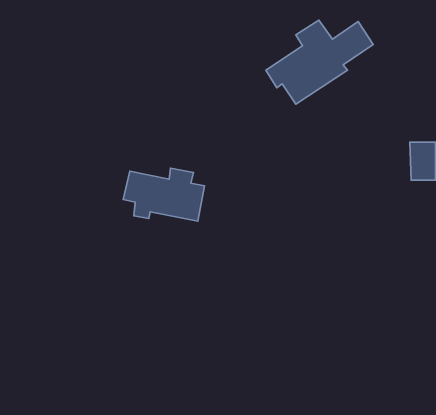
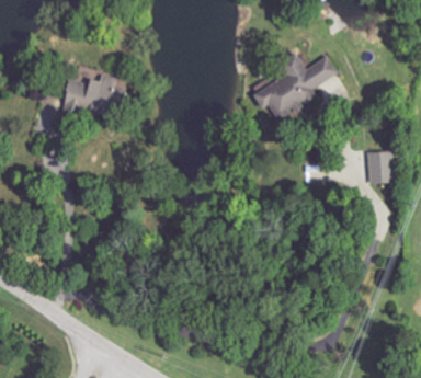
building: [123,168,204,221] -> [59,75,125,117]

